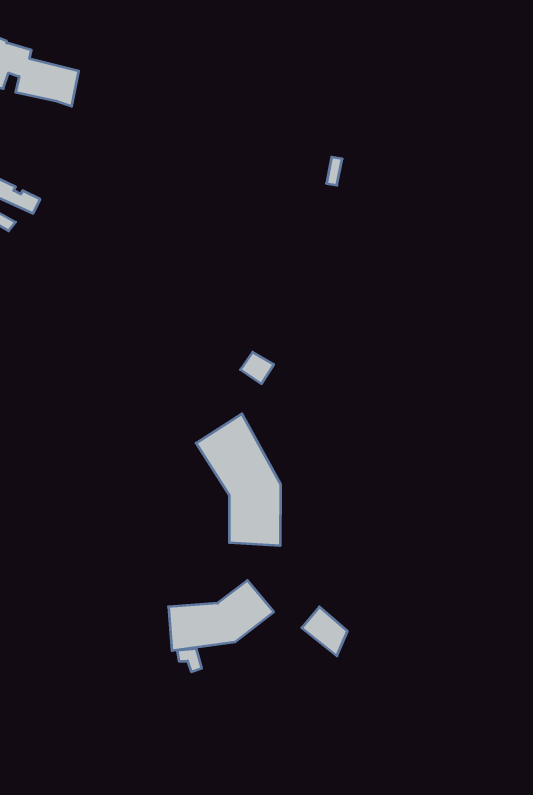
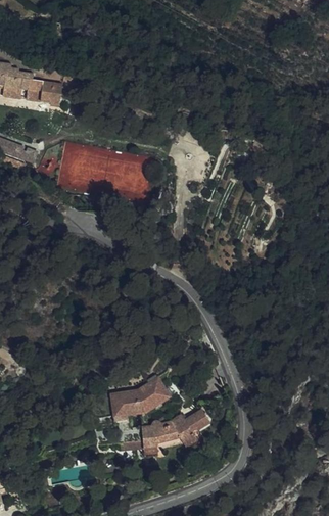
building: [196,414,281,546] -> none
building: none -> [143,416,198,450]

